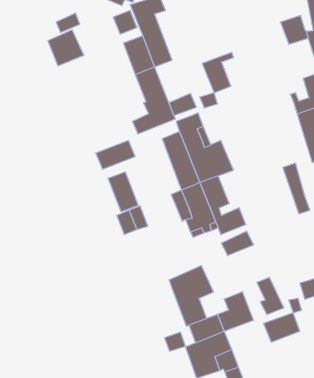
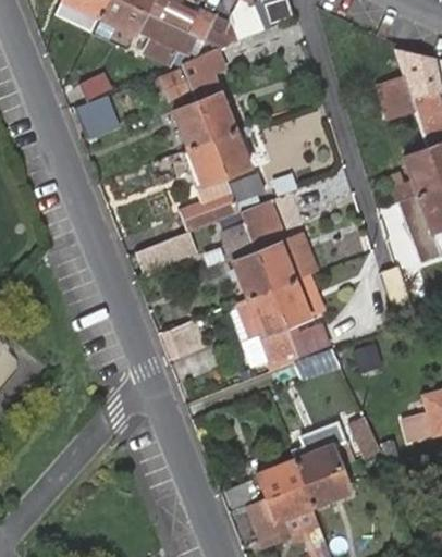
building: [202,53,233,93] -> [213,125,254,177]
building: [108,172,138,212] -> none
building: [169,266,214,326] -> none
building: [264,313,300,342] -> [304,468,351,506]

